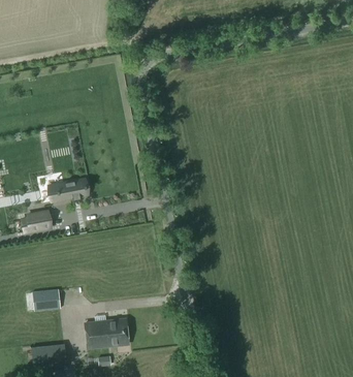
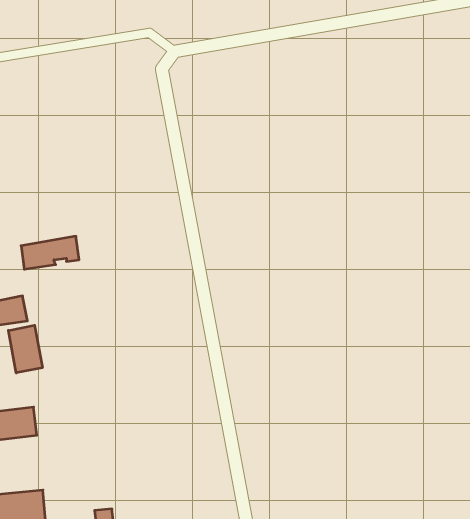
building: none -> [8,325,42,373]
building: [85,319,128,348] -> none

